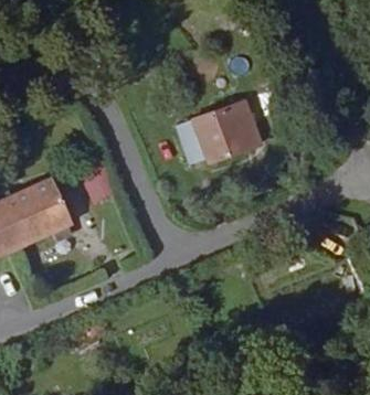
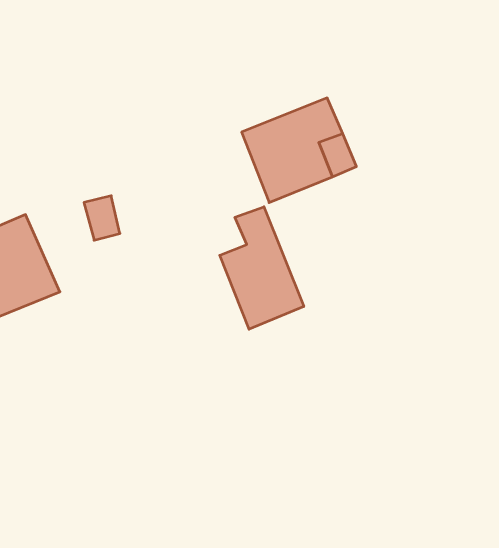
building: none -> [220,207,304,329]

